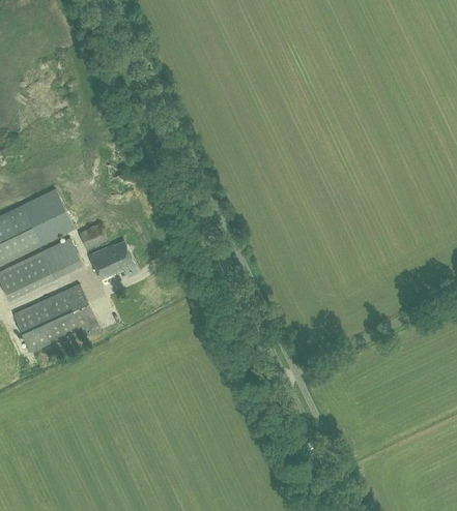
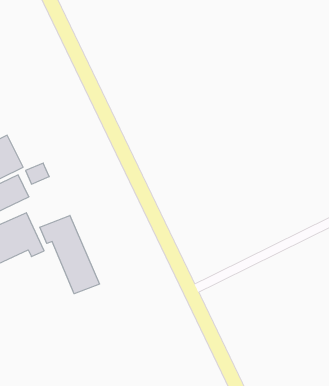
building: [89,240,137,278] -> none
building: none -> [40,215,100,294]

